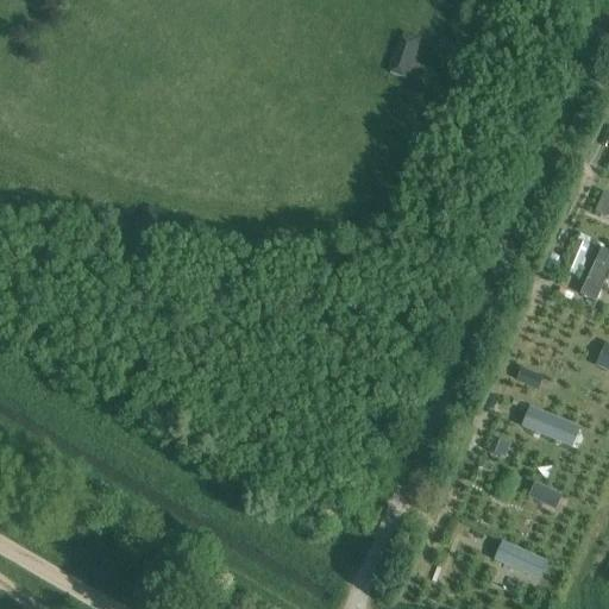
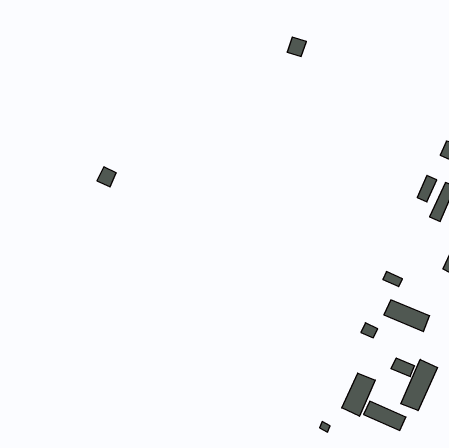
building: none -> [401,359,437,411]
building: none -> [342,373,375,416]

